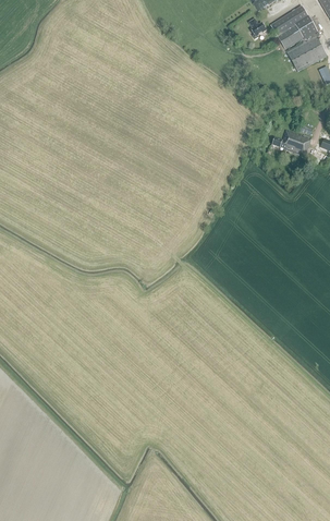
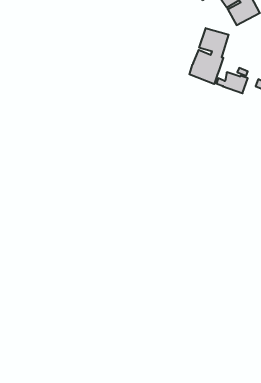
building: none -> [189,28,229,84]

